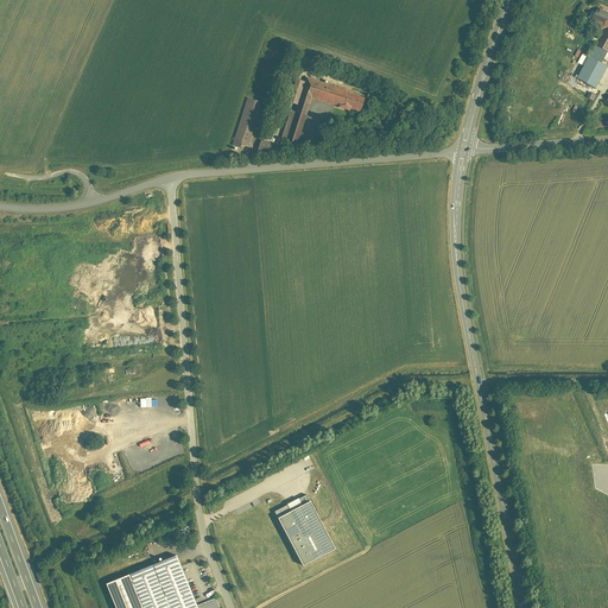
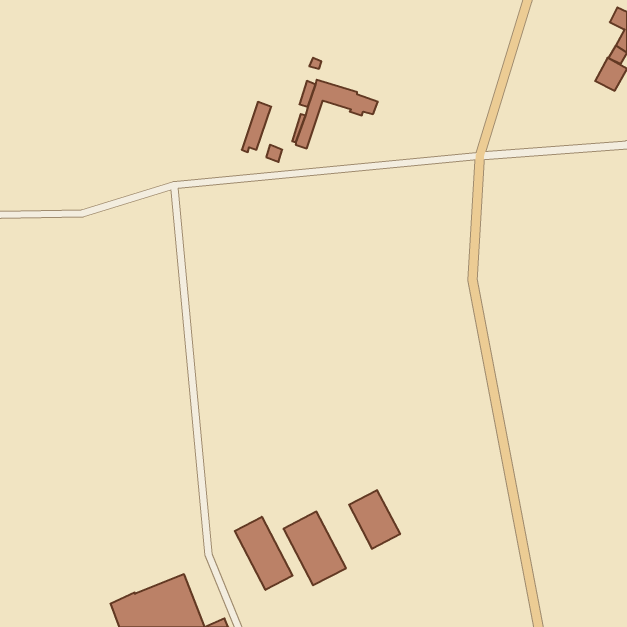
building: none -> [349,490,400,549]
building: none -> [235,517,293,590]

